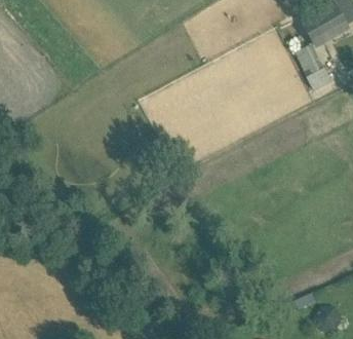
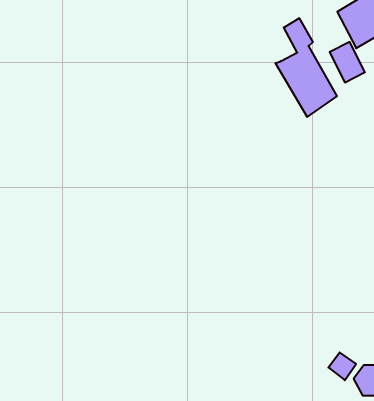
building: none -> [275,18,337,117]

